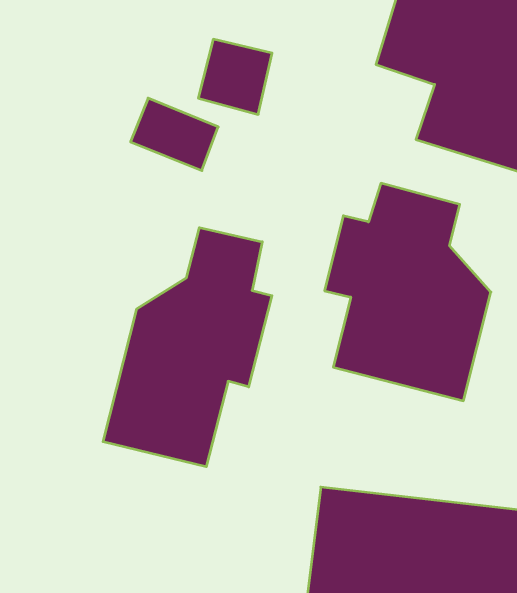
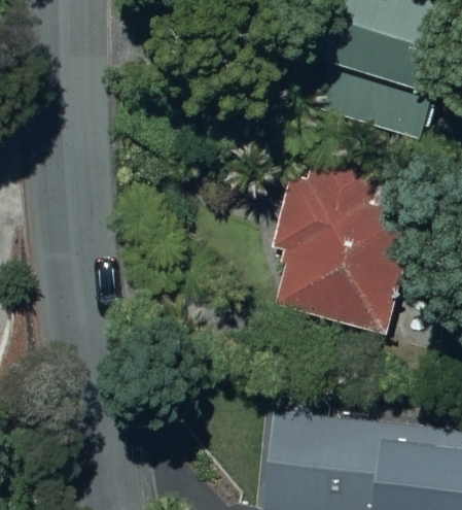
building: [103,228,272,467] -> none

